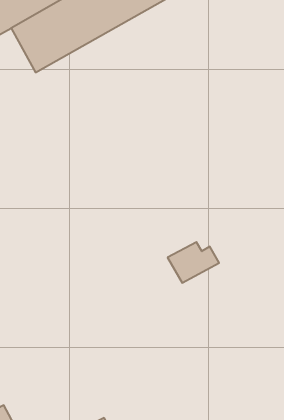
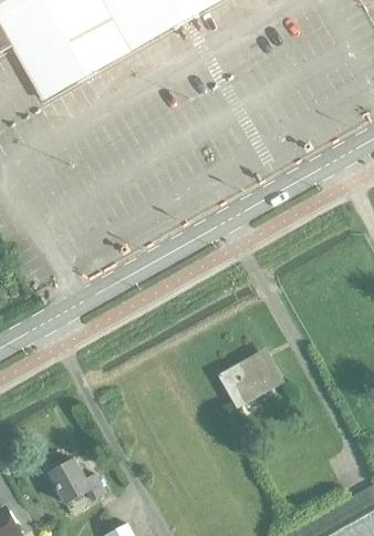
building: [168,242,219,283] -> [219,357,282,406]
building: none -> [46,457,105,503]

